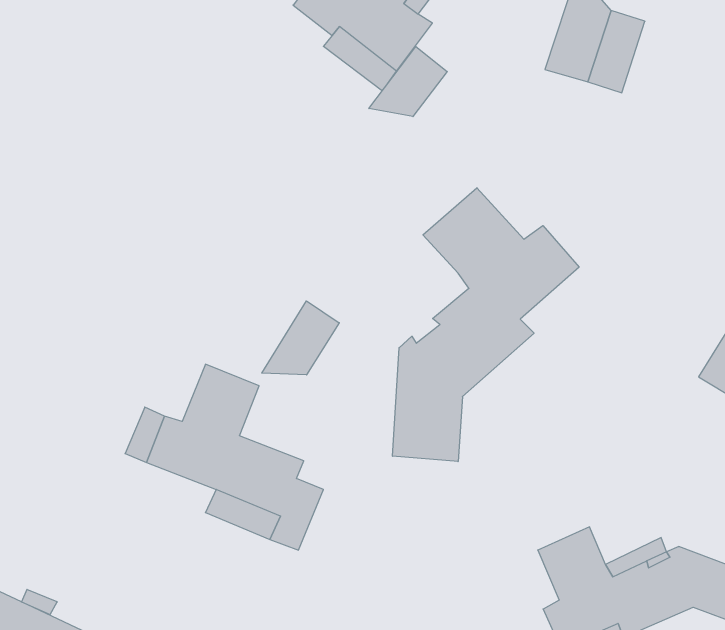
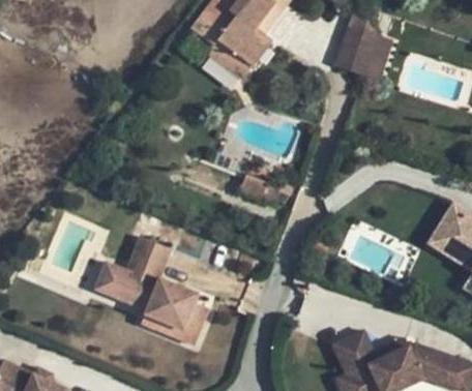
building: [369,46,447,117] -> none
building: [393,188,579,462] -> none
building: [262,301,339,375] -> none

